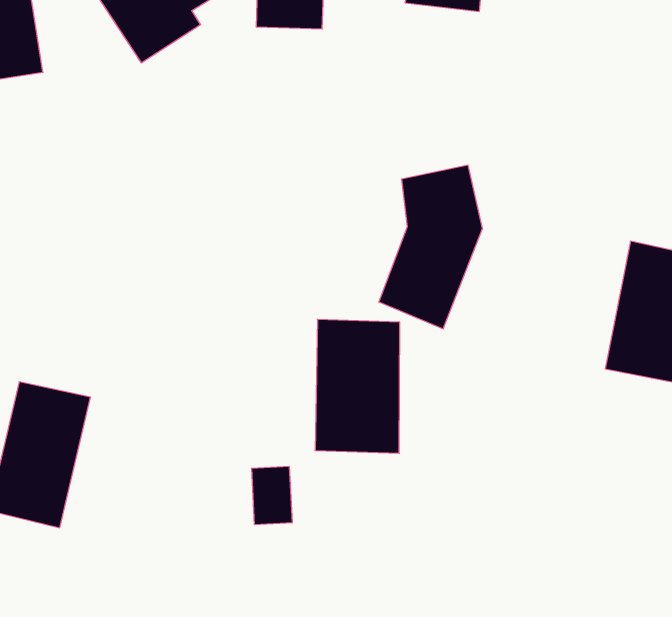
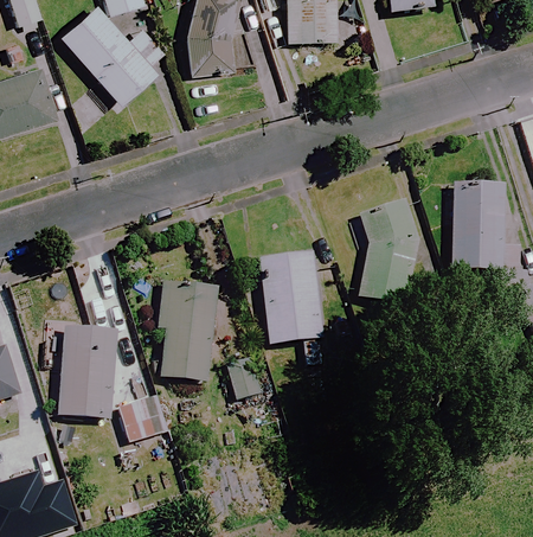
building: [379,165,483,329] -> [359,197,420,307]
building: none -> [161,282,218,381]
building: none -> [117,395,166,441]

